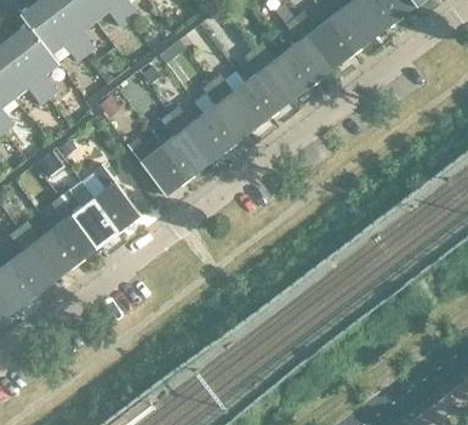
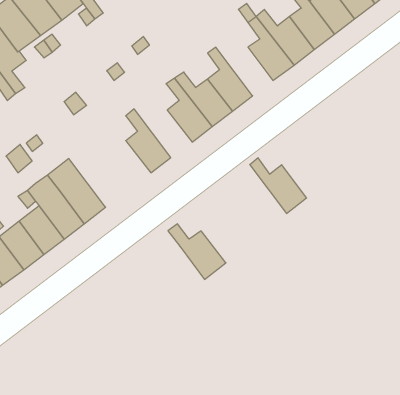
building: [252,42,310,100] -> [250,158,307,213]
building: [169,107,228,163] -> none
building: [126,138,186,195] -> [168,224,226,279]

